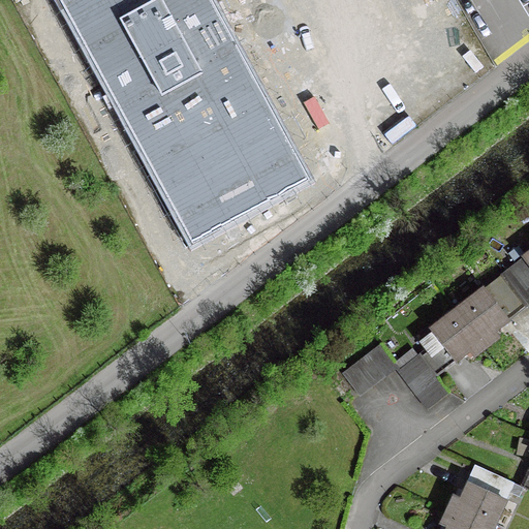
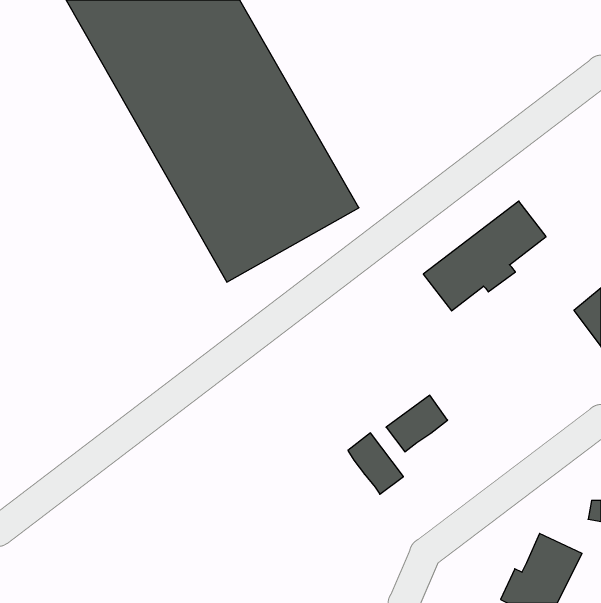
building: [413,277,521,373] -> [423,201,546,311]
building: [396,355,444,409] -> [348,433,403,494]

